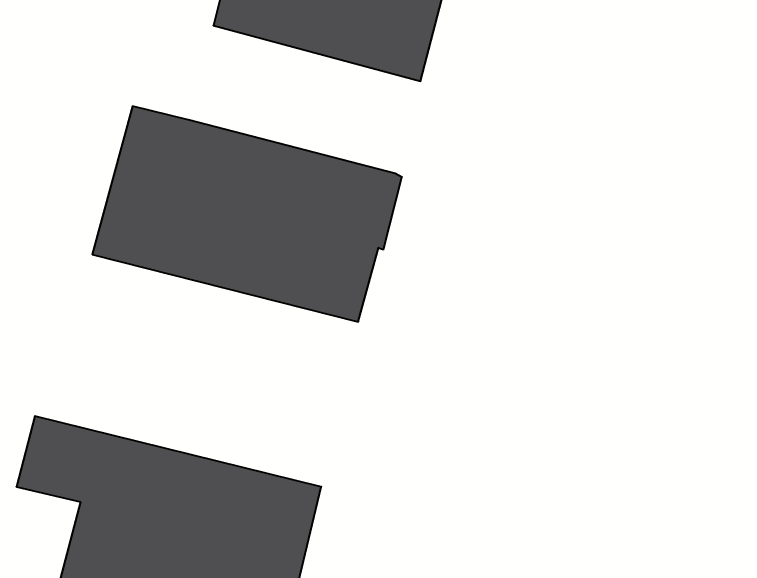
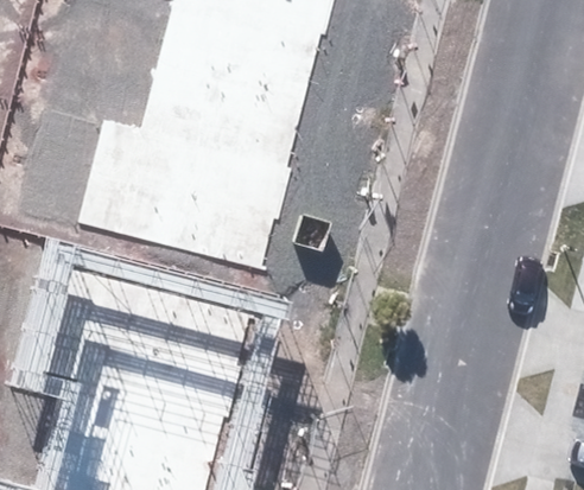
building: none -> [140,61,304,165]
building: none -> [32,259,252,386]

